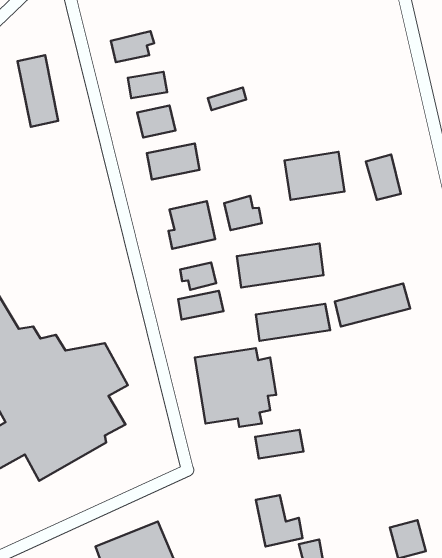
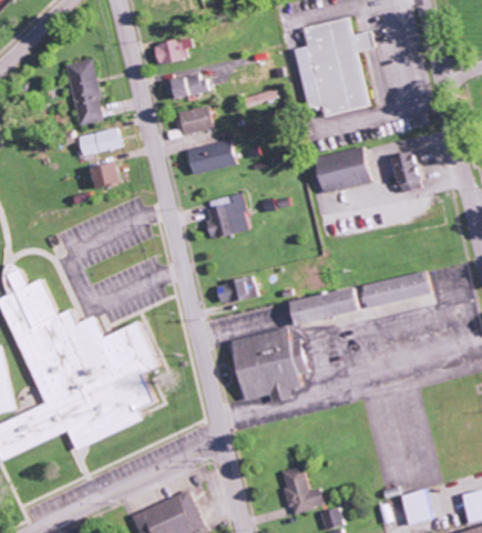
building: none -> [290,18,371,116]
building: none -> [75,131,116,154]
building: none -> [84,162,115,189]
building: [224,196,262,230] -> none
building: [237,244,324,288] -> none
building: [180,262,216,290] -> none
building: [255,430,303,459] -> none

